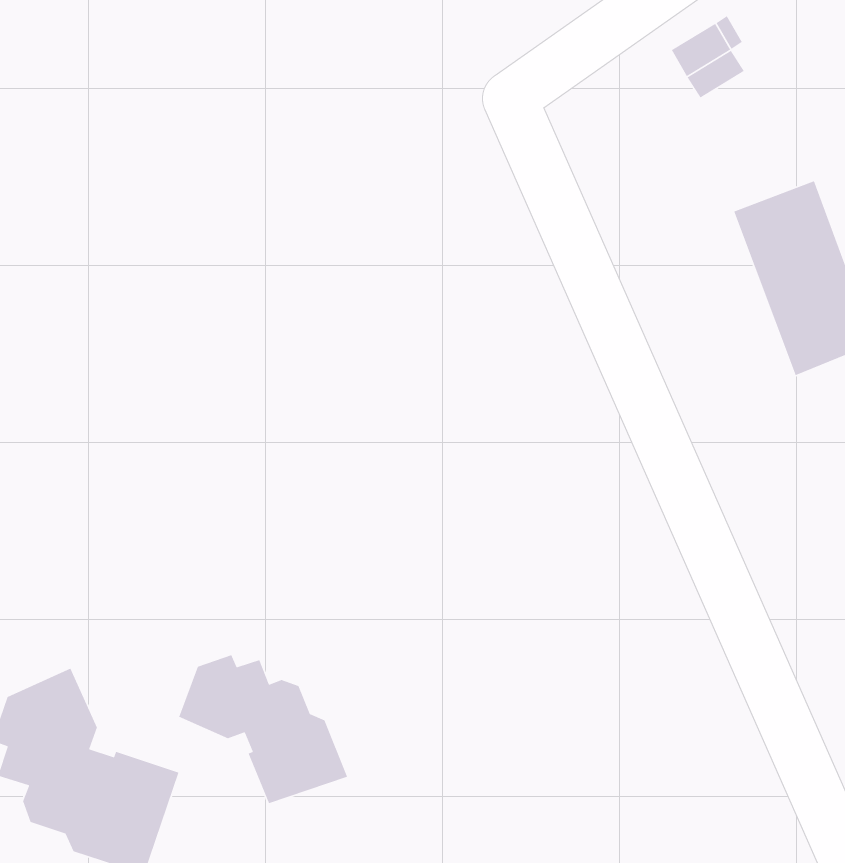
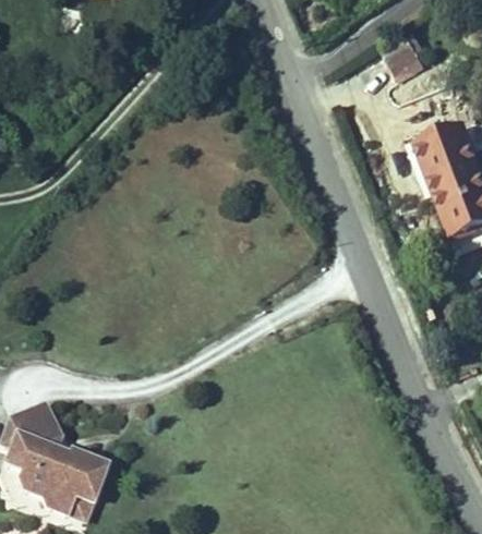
building: [178,654,348,804] -> none

